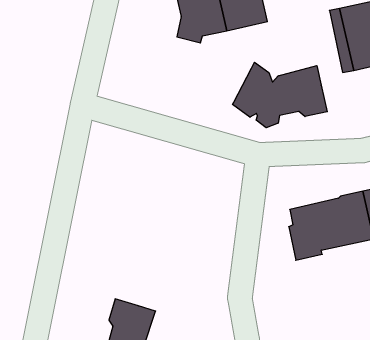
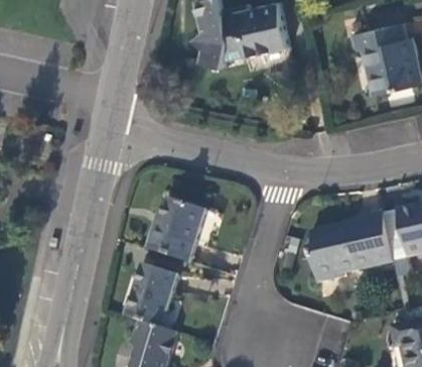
building: [233,62,327,128] -> none
building: none -> [147,198,205,261]
building: none -> [125,263,177,327]

